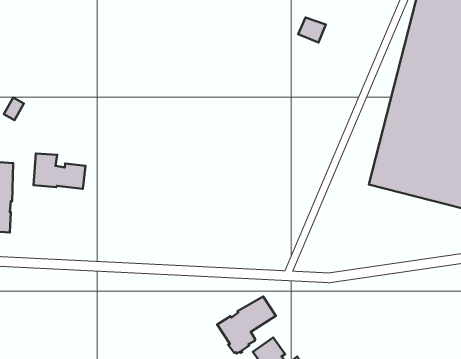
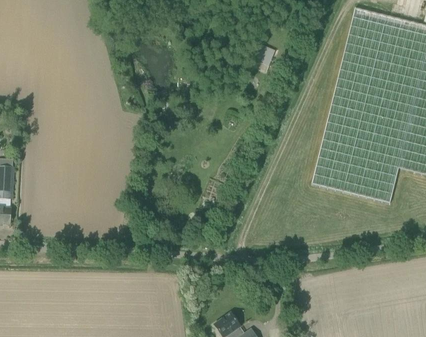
building: [33,153,85,189] -> none
building: [217,297,276,353] -> none

